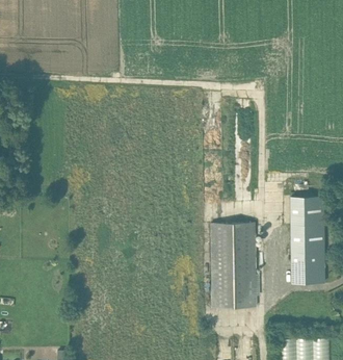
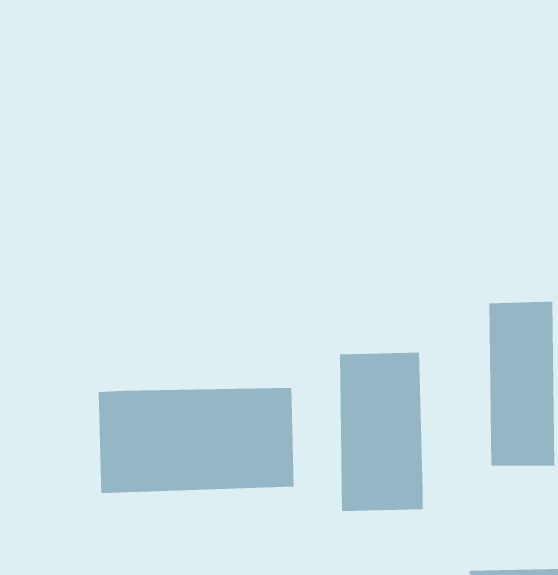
building: none -> [98,387,294,494]

